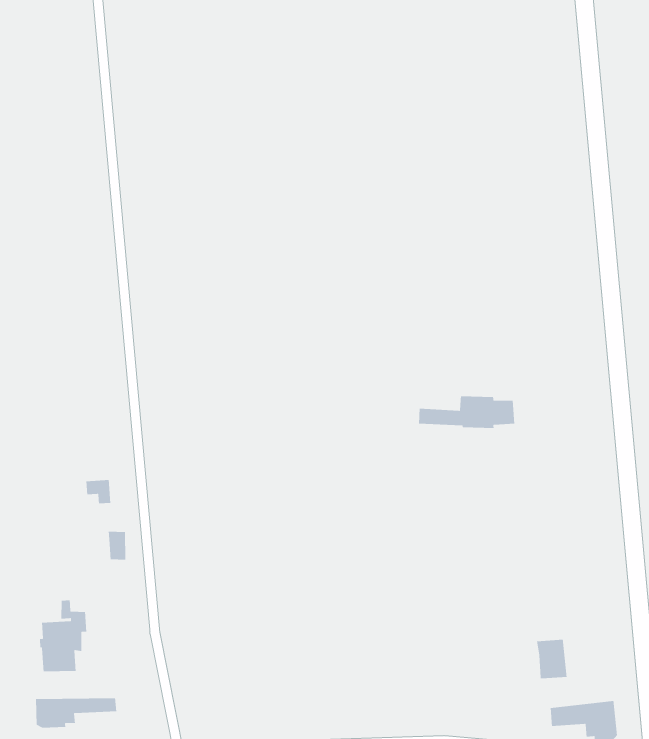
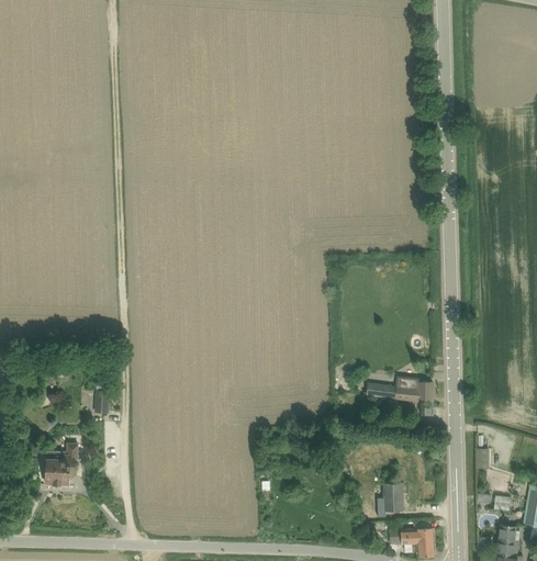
building: [418,396,515,429] -> [366,378,432,402]
building: [35,697,117,728] -> none

